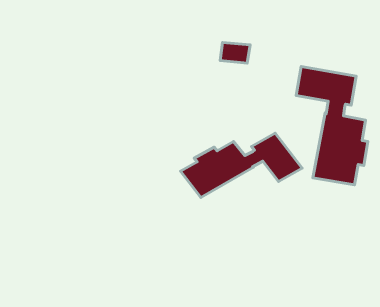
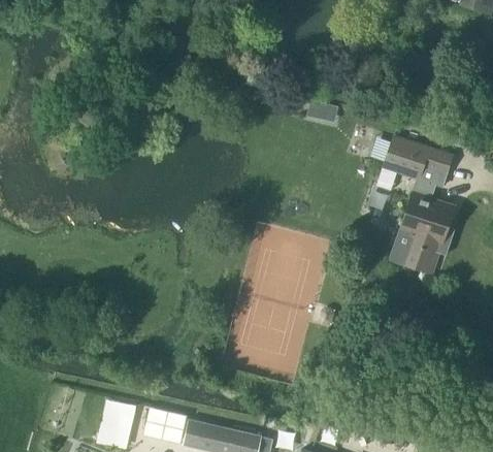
building: [181,133,302,197] -> none

